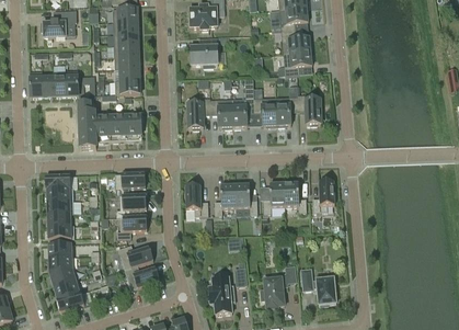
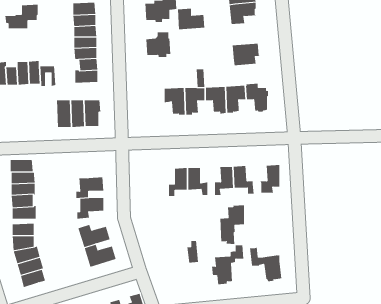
building: [282,30,311,53] -> [177,8,205,30]
building: [186,98,210,128] -> none
building: [79,103,96,147] -> none
building: [115,172,146,194] -> none
building: [185,184,208,215] -> none
building: none -> [220,204,244,245]
building: [209,276,236,314] -> none

